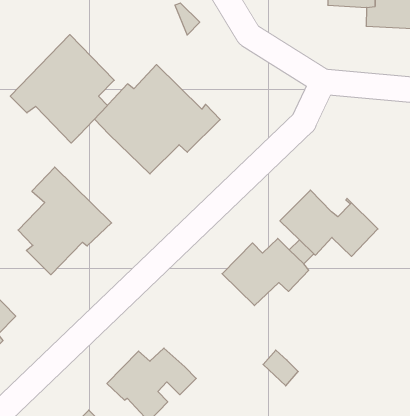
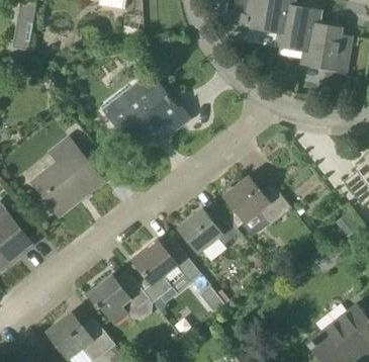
building: [10,35,114,143] -> none
building: none -> [131,237,200,309]

